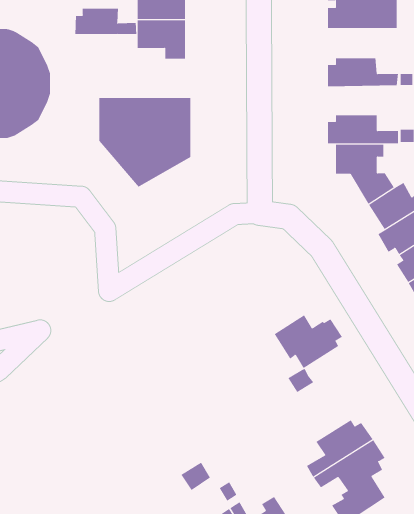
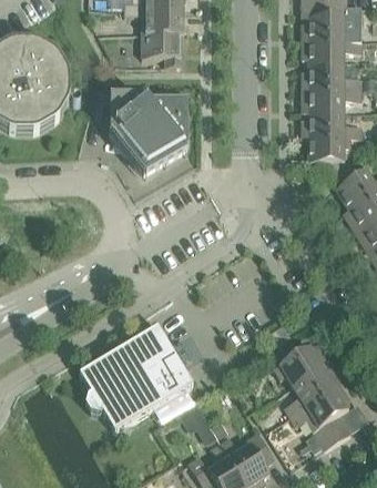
building: [75,8,137,35] -> none
building: none -> [302,40,360,64]
building: none -> [302,88,361,112]
building: [274,314,343,369] -> [267,340,325,386]
building: none -> [80,326,193,431]

